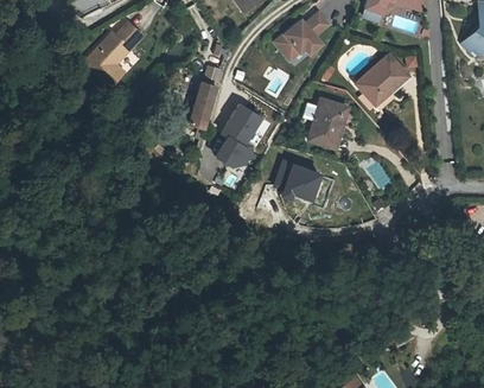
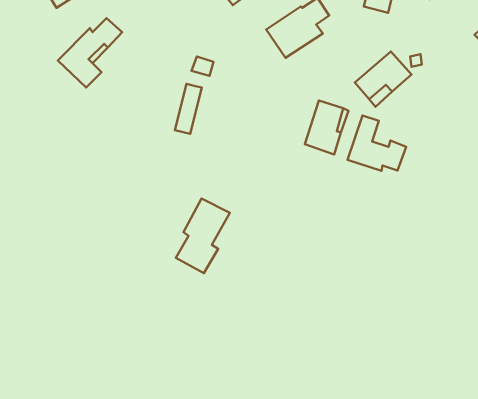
building: [217,96,267,165] -> [176,199,230,273]
building: none -> [347,115,406,171]
building: [284,155,326,198] -> none

